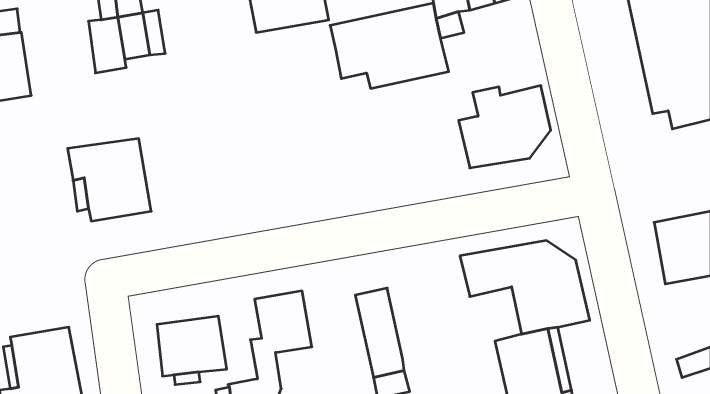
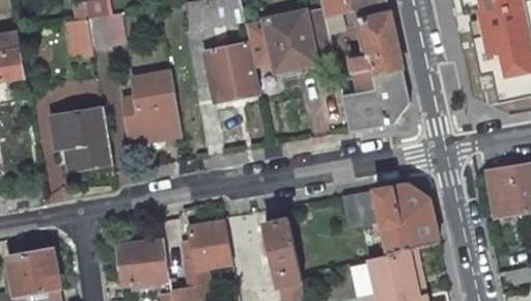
building: none -> [350,12,402,76]
building: none -> [203,42,260,104]
building: none -> [132,71,180,130]

